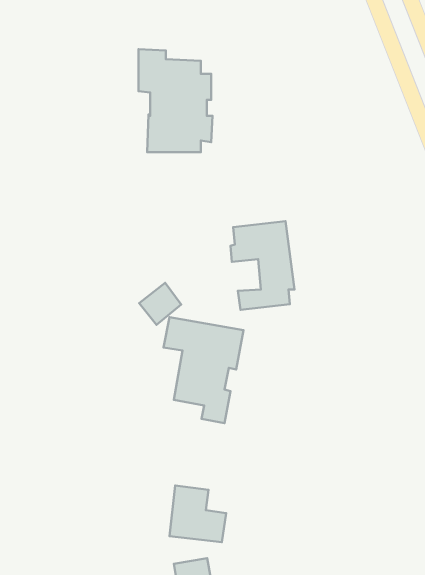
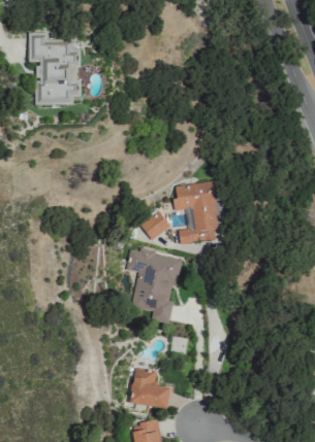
building: [138,49,212,152] -> [28,32,81,105]
building: [139,283,181,325] -> [139,210,169,240]

